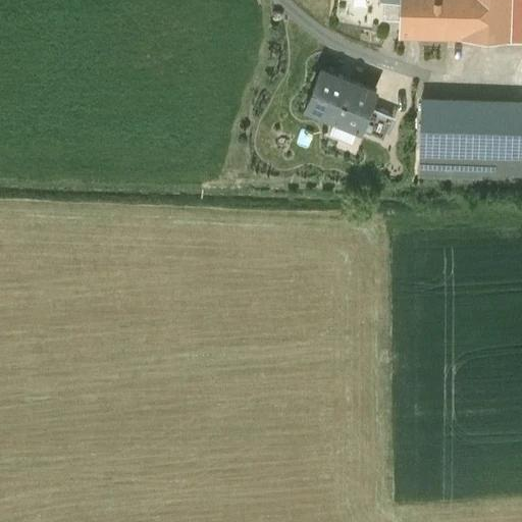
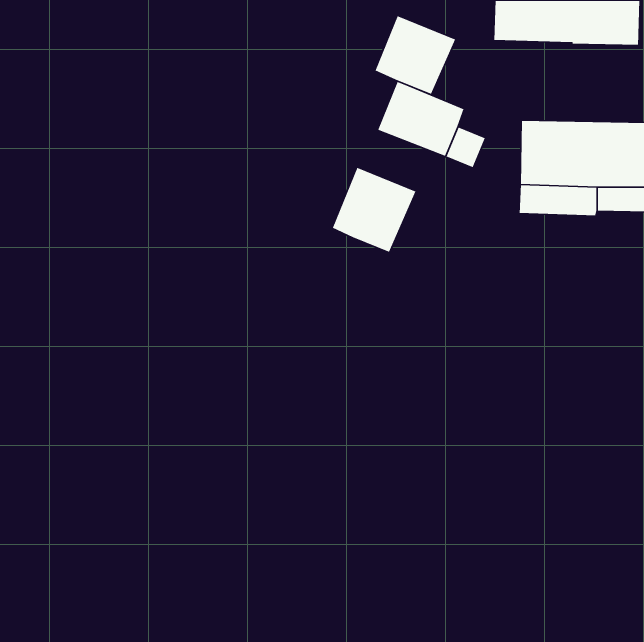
building: none -> [375,15,456,95]
building: none -> [332,167,417,253]

